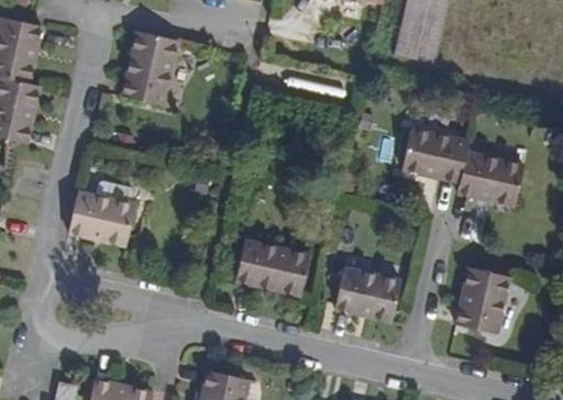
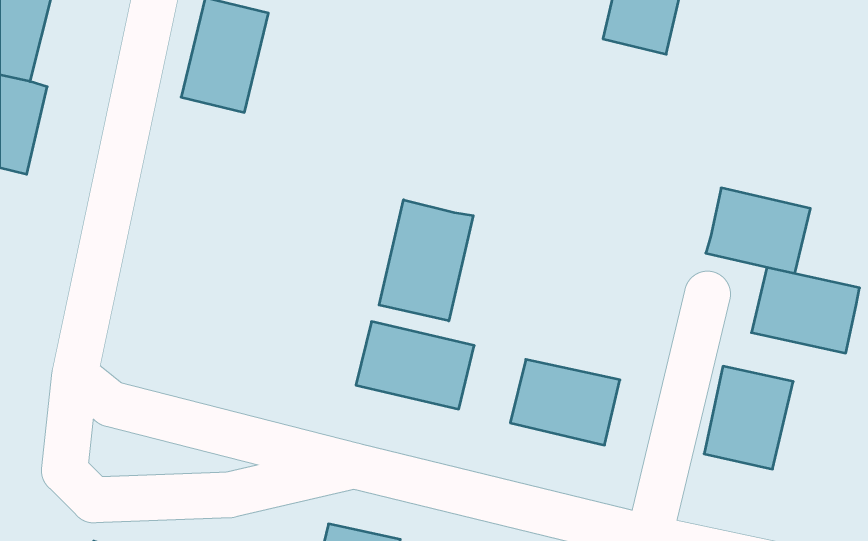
building: [399,129,468,184] -> [751,267,860,353]
building: none -> [379,200,473,321]
building: [70,170,136,244] -> none

